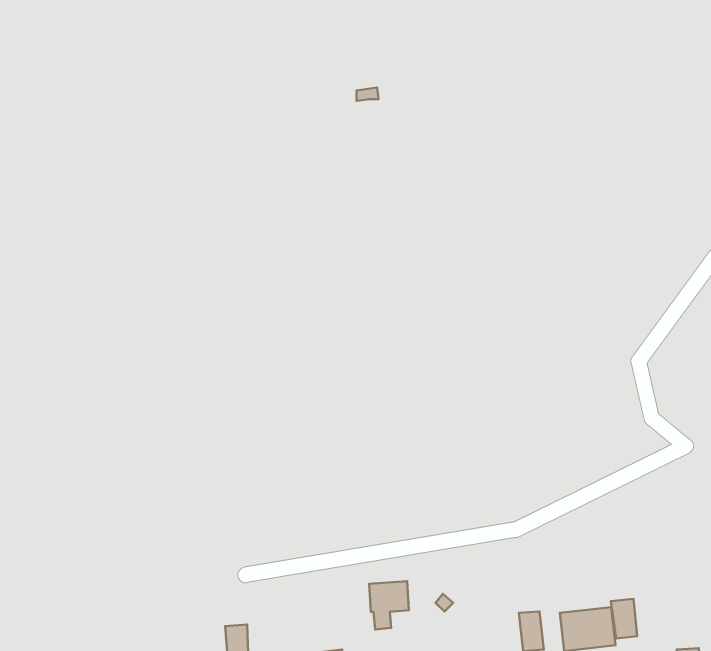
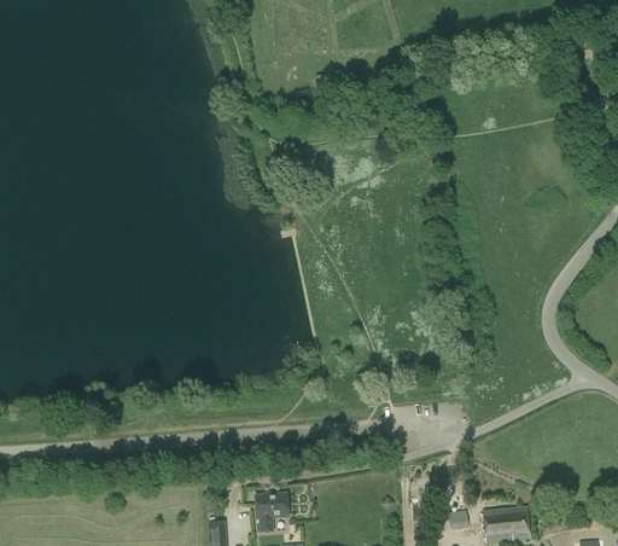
building: [369,581,409,629] -> [256,492,288,532]
building: [611,599,637,638] -> none

